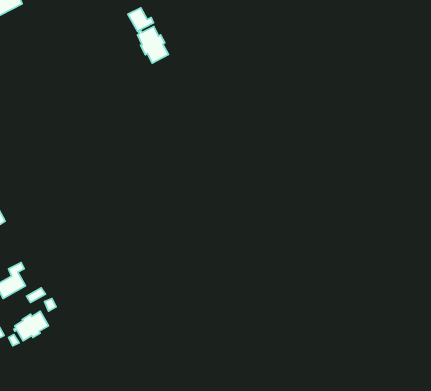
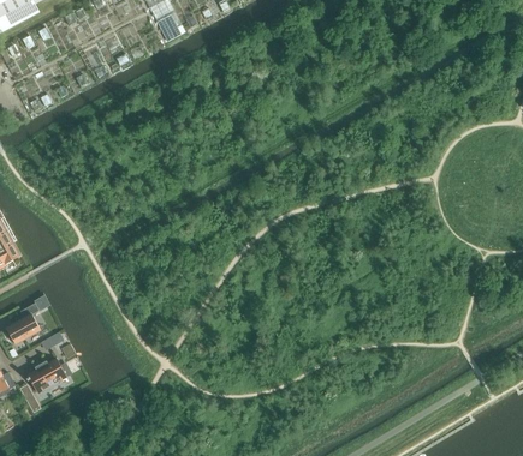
building: [137,26,168,63] -> none

